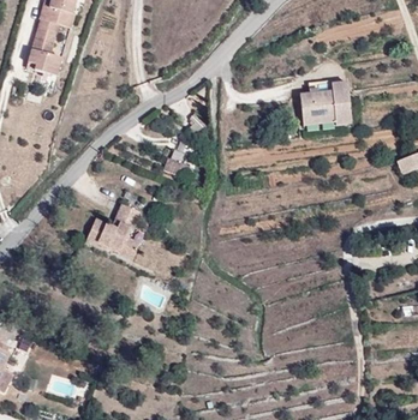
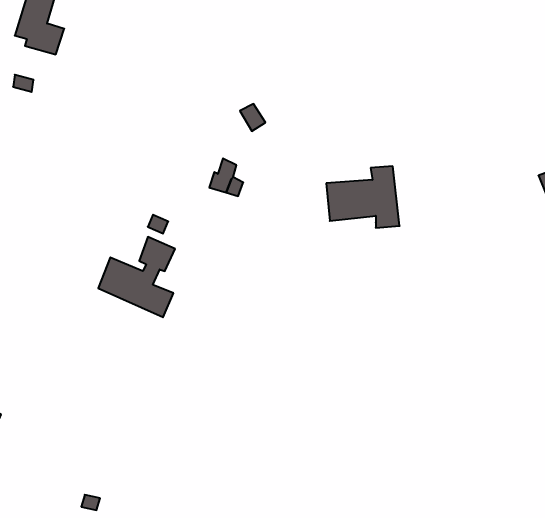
building: [300,80,352,124] -> [326,166,400,228]

